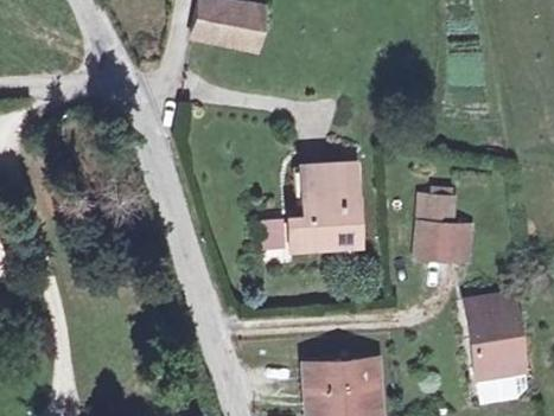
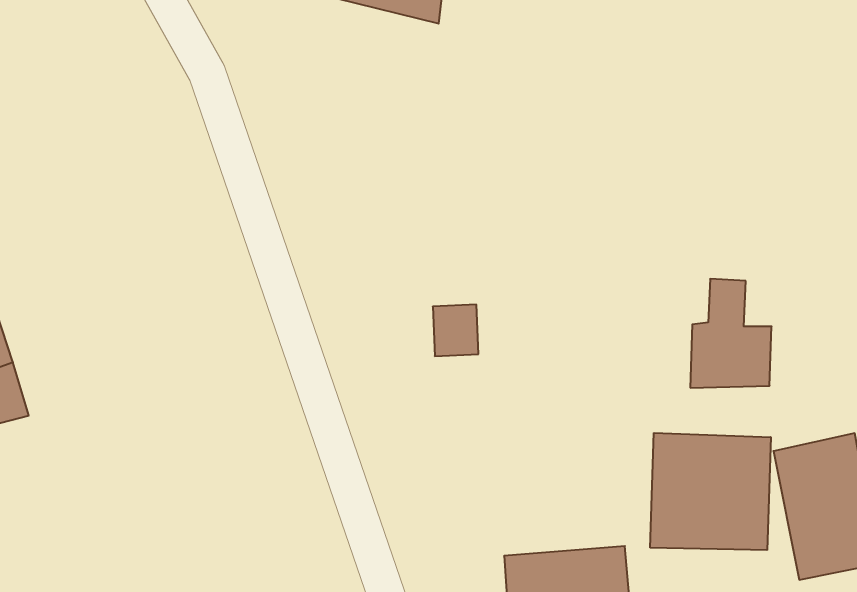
building: [289,156,358,247] -> none
building: none -> [650,433,771,550]

